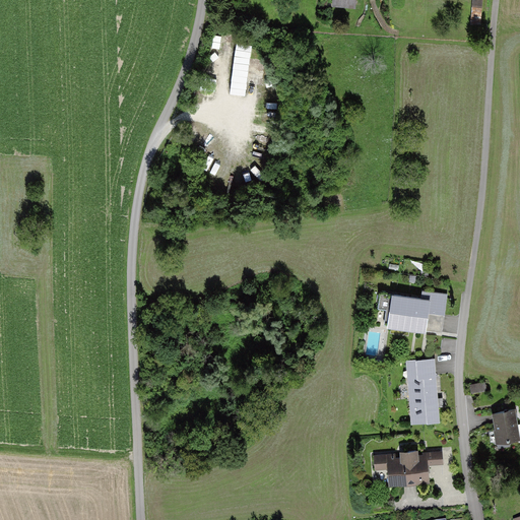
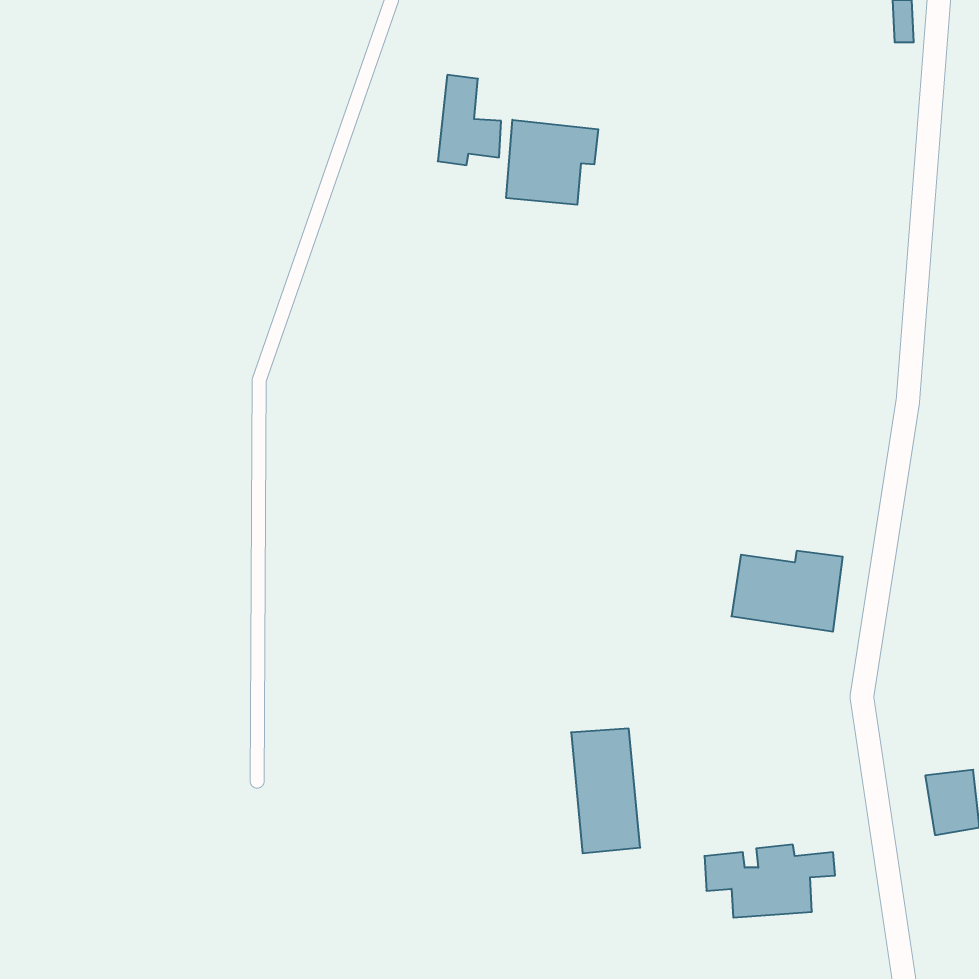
building: none -> [506,120,598,205]
building: [404,360,441,426] -> [571,729,640,853]

